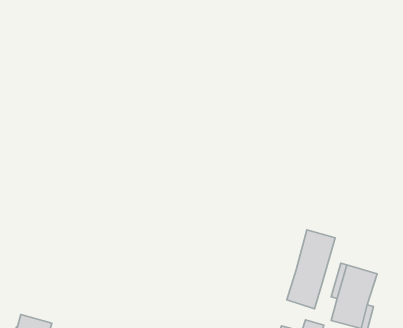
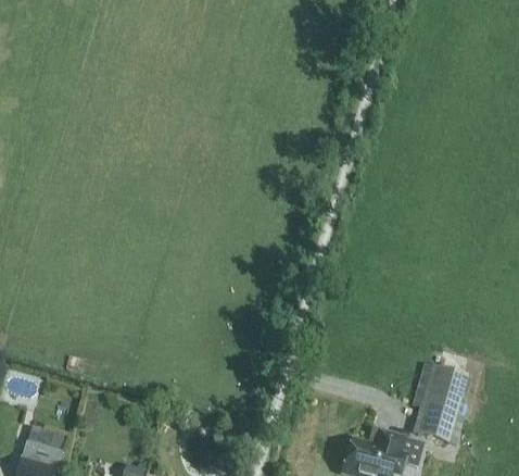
building: [287,230,335,309] -> none

